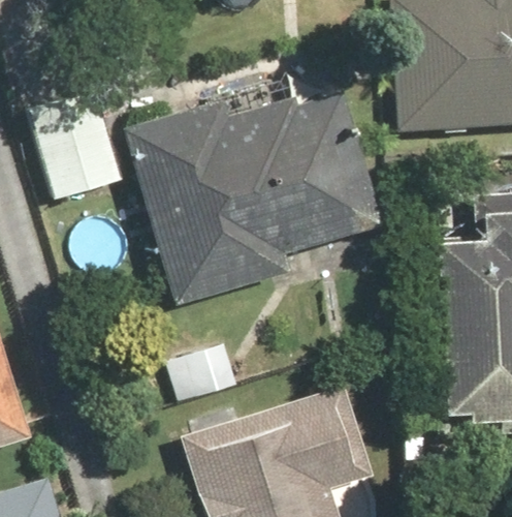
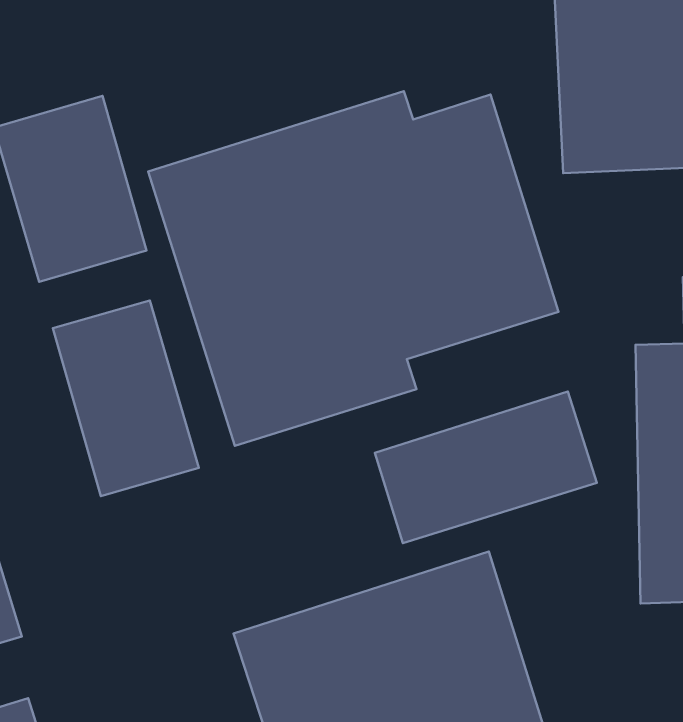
building: none -> [53,301,199,496]
building: none -> [375,392,597,543]

